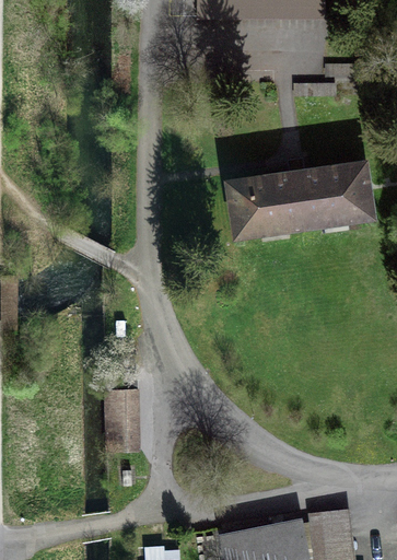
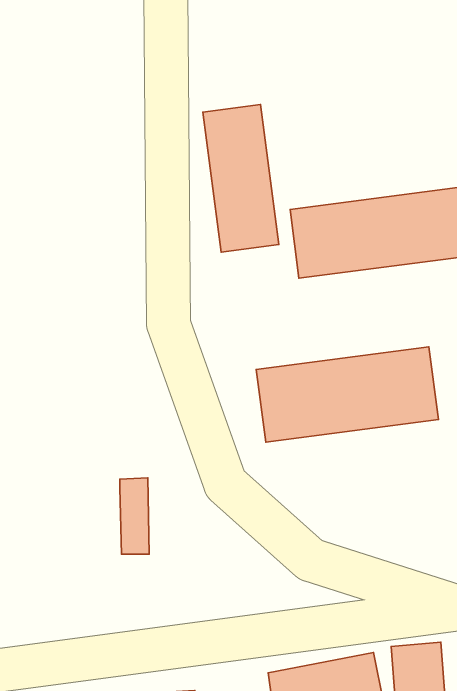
building: none -> [203,104,279,252]
building: none -> [256,347,438,442]

